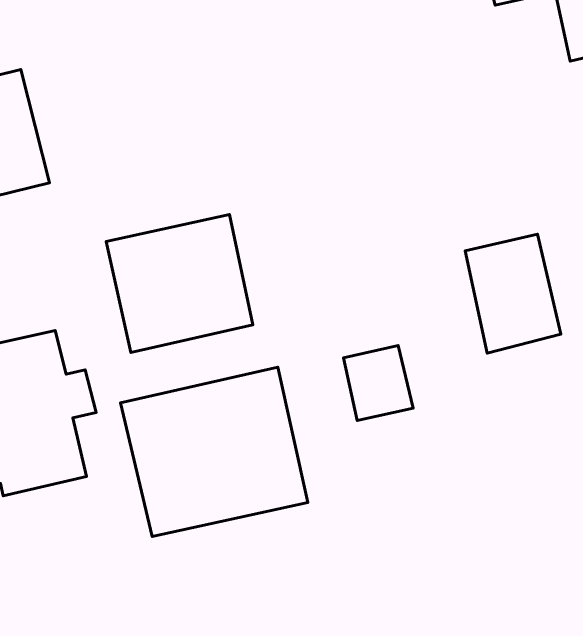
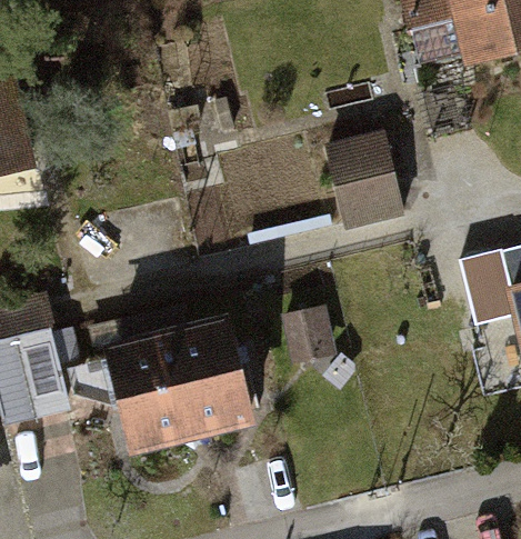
building: [106,215,253,352] -> none
building: [465,234,561,353] -> [324,128,402,224]

